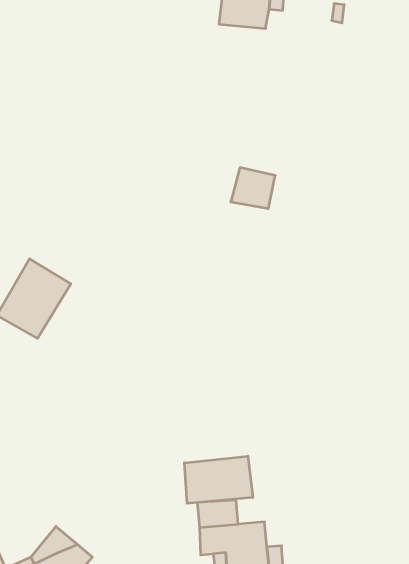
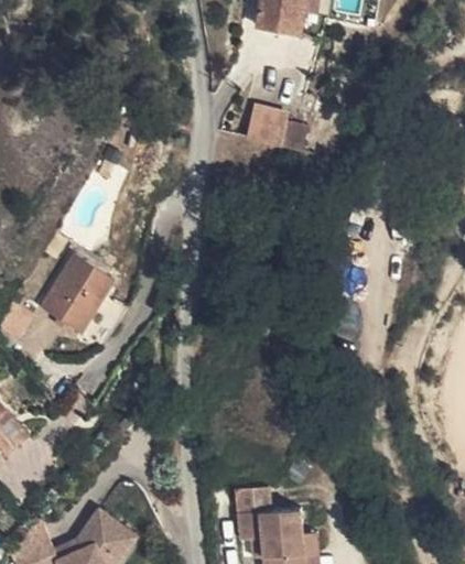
building: [231,168,275,209] -> [244,106,286,145]
building: [184,456,253,503] -> none

